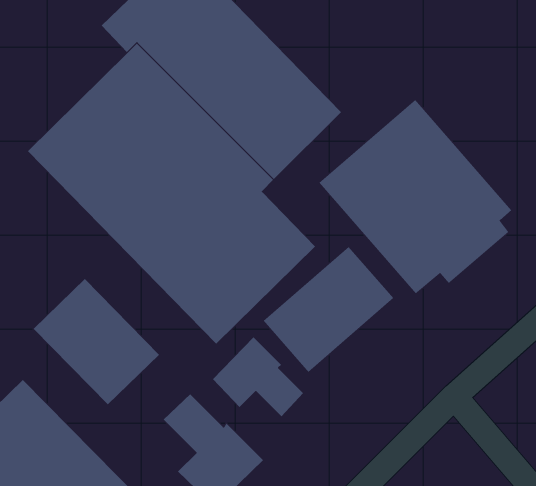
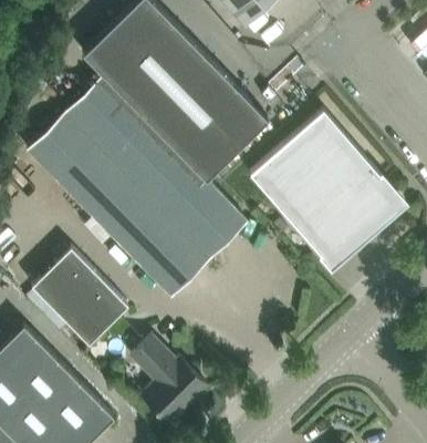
building: [263,246,394,373] -> none
building: [212,337,304,417] -> none

